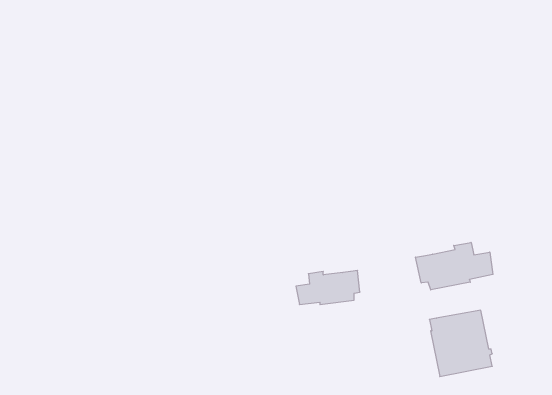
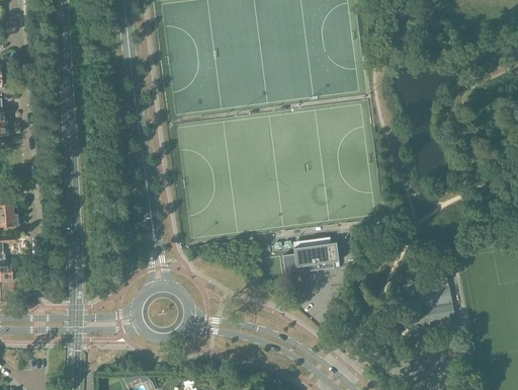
building: [416,242,493,290] -> none

